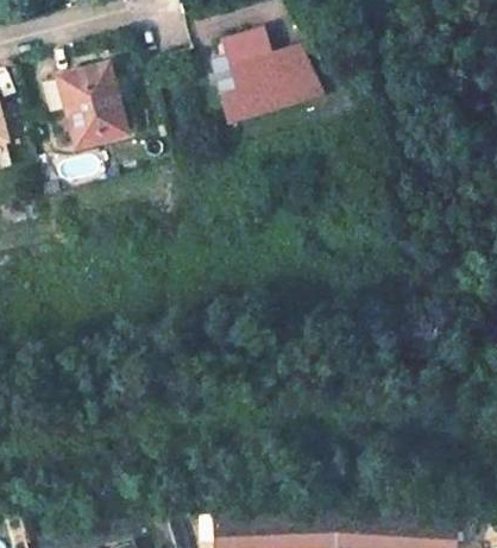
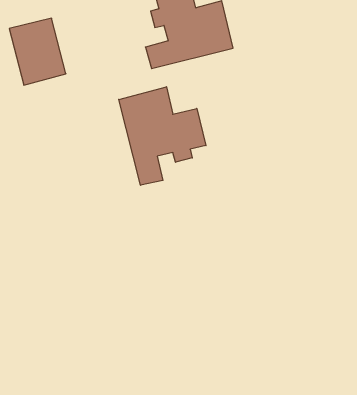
building: none -> [119,87,206,185]

